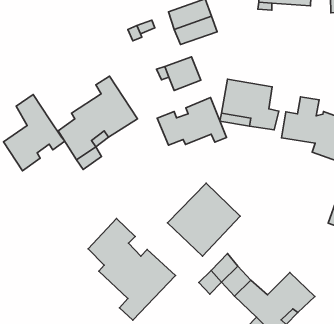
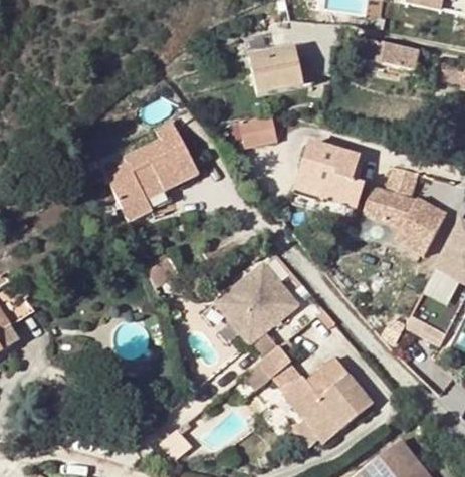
building: [4,94,65,171] -> none
building: [157,97,226,145] -> none
building: [88,218,176,320] -> none
building: none -> [305,354,352,397]

